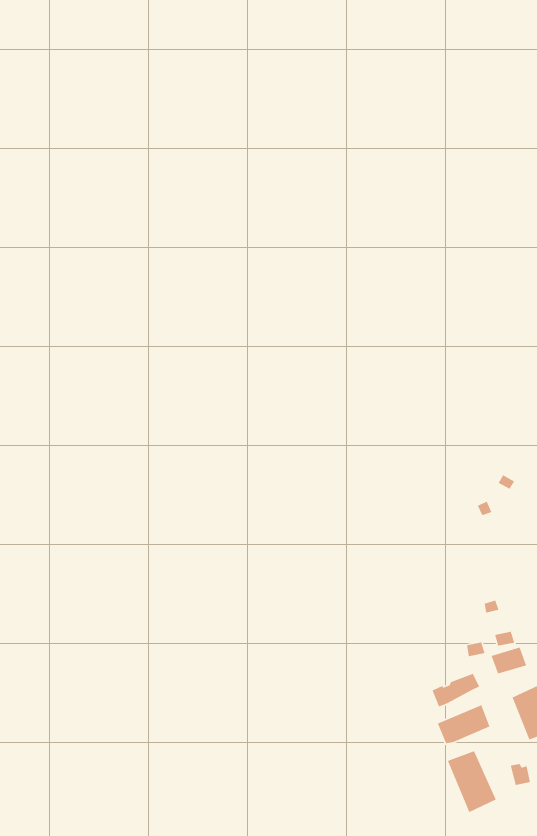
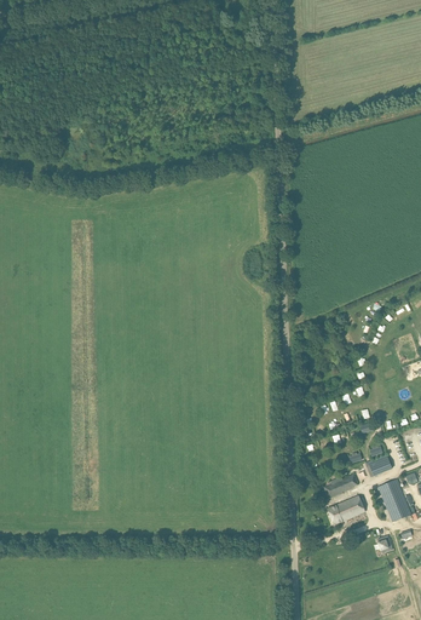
building: [447,750,497,813] -> none

